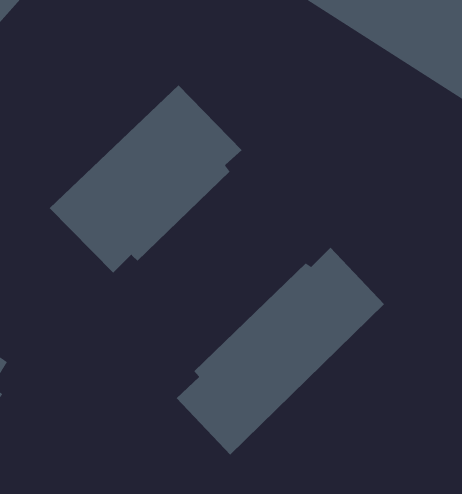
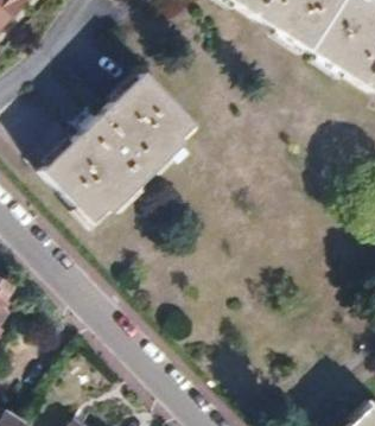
building: [176,247,385,455] -> none

